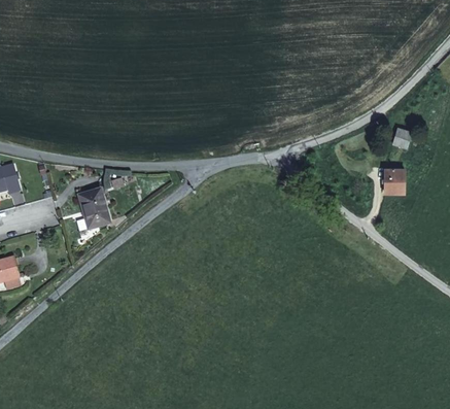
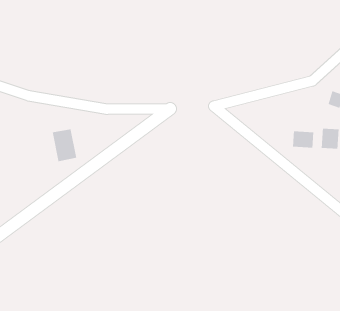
building: none -> [292,130,314,149]

